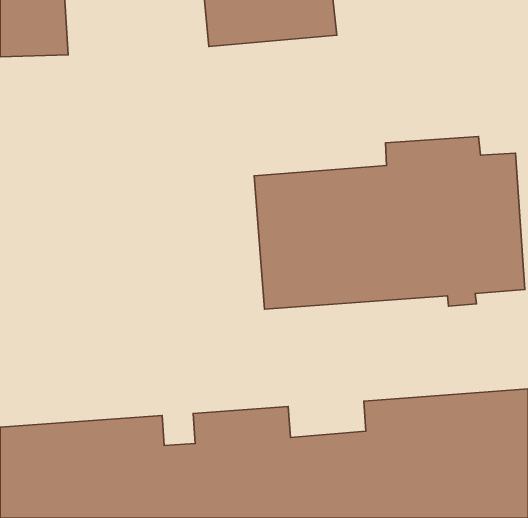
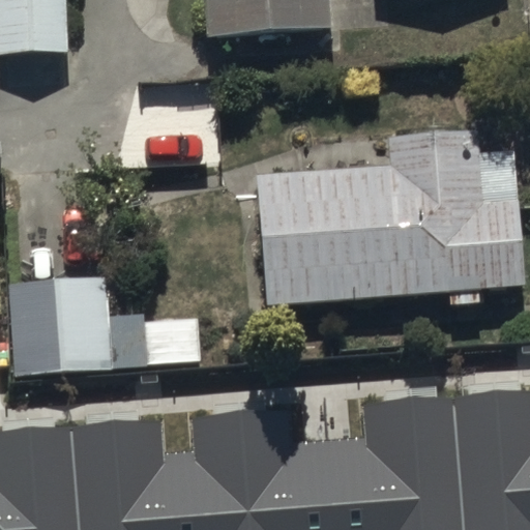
building: none -> [7,283,201,373]

